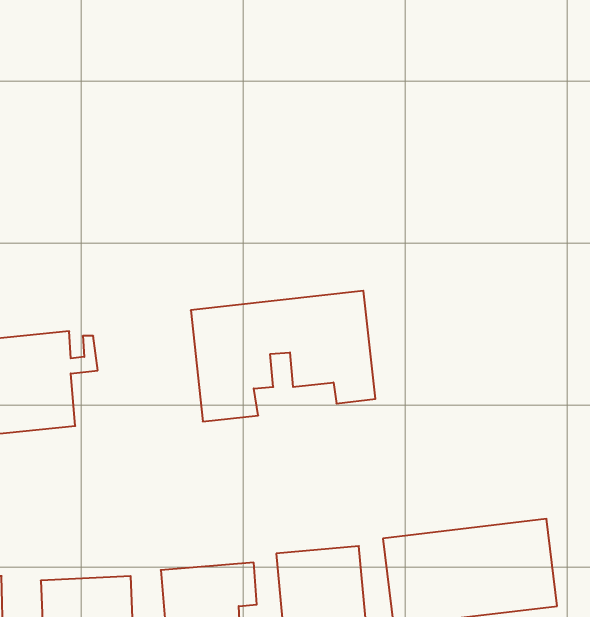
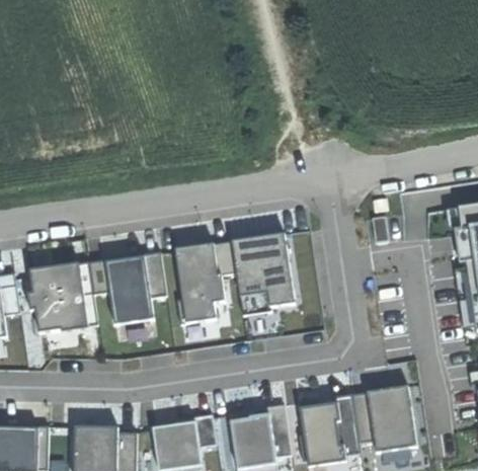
building: none -> [108,255,164,323]

